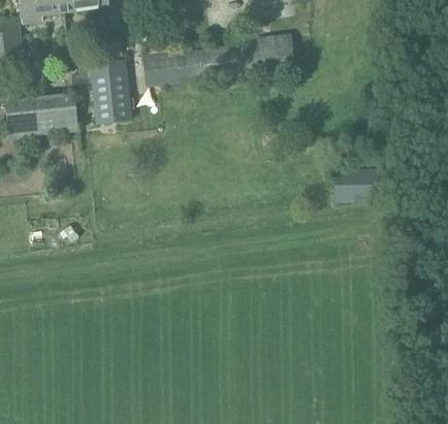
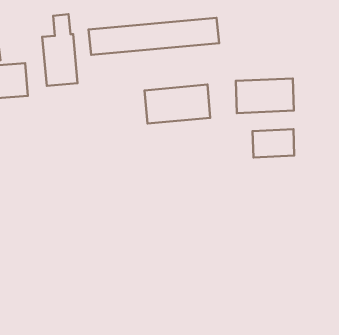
building: none -> [236,78,294,113]
building: none -> [145,85,210,124]

